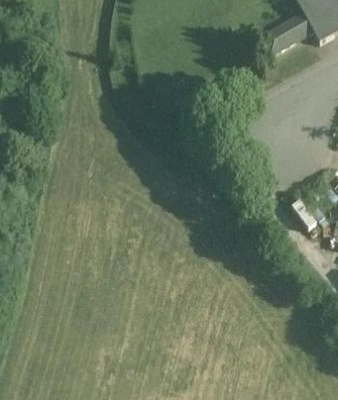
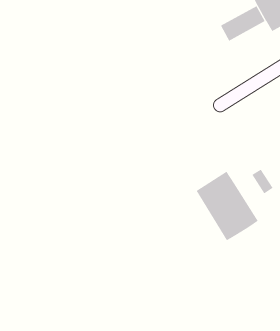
building: none -> [196,171,259,241]

